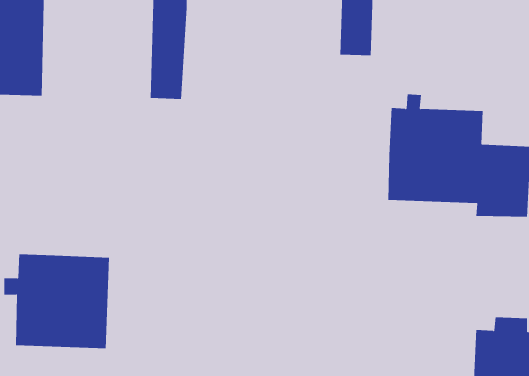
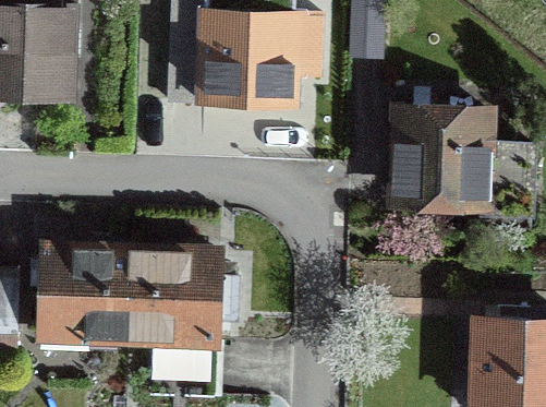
building: none -> [201,14,321,106]
building: none -> [129,252,238,343]

